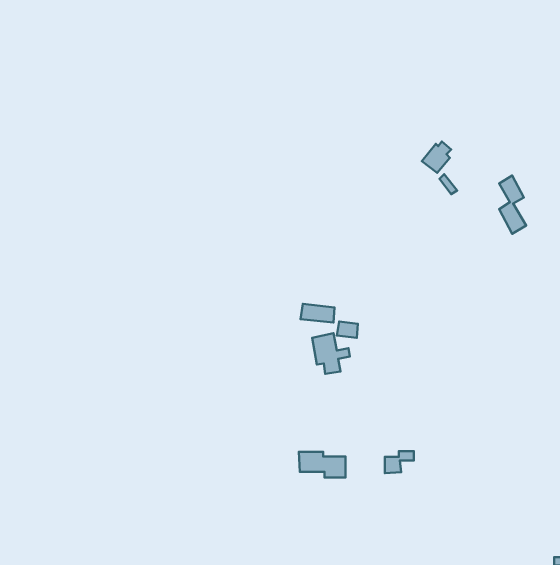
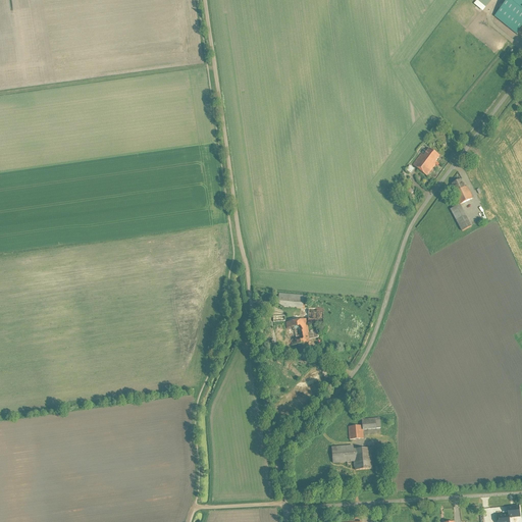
building: [422,141,451,173] -> [414,148,439,175]
building: [299,452,346,478] -> [331,443,372,466]

